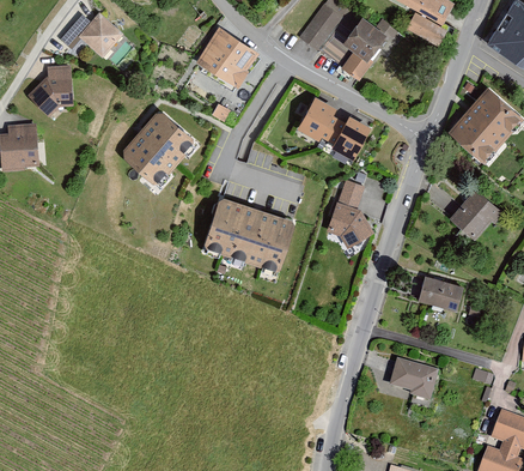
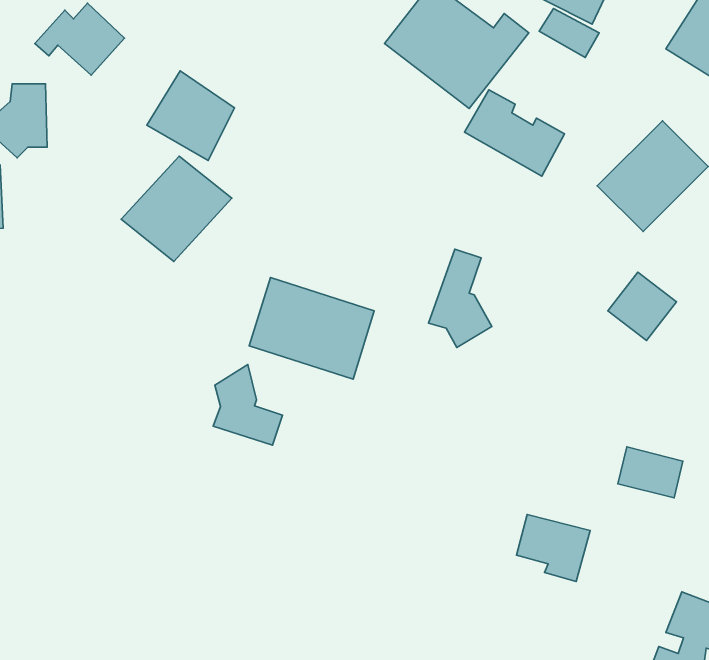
building: [194,25,254,86] -> [147,71,235,160]
building: [300,97,368,156] -> [464,90,565,176]
building: none -> [213,365,283,445]
building: [416,273,461,308] -> [618,447,683,498]

